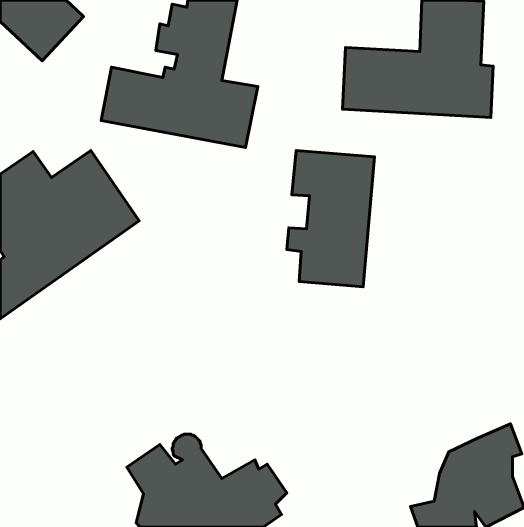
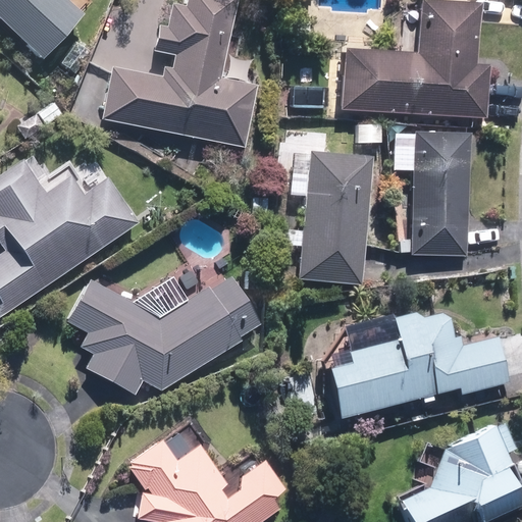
building: none -> [394,129,472,257]
building: none -> [68,274,262,394]
building: none -> [326,308,512,418]

